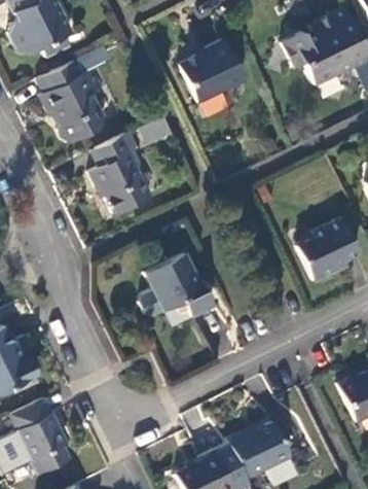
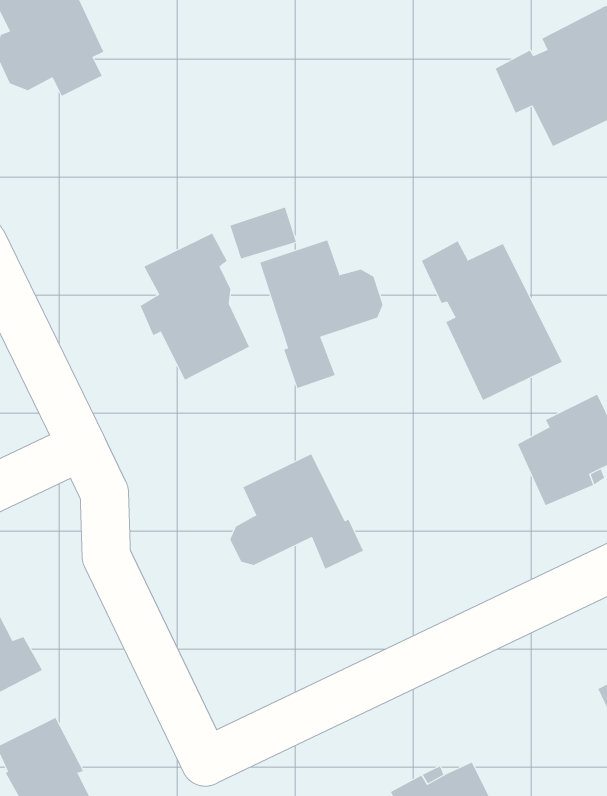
building: [181,38,246,101] -> none
building: [39,60,106,142] -> none
building: none -> [260,240,383,389]
building: none -> [421,241,562,401]

